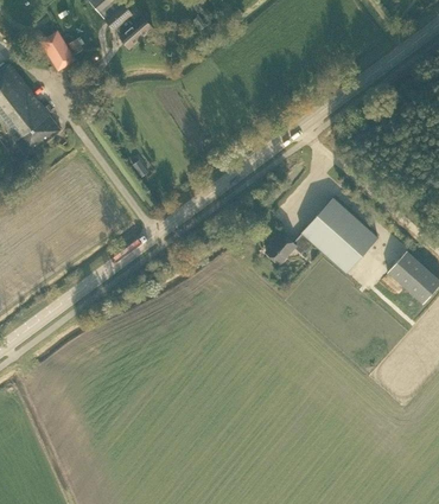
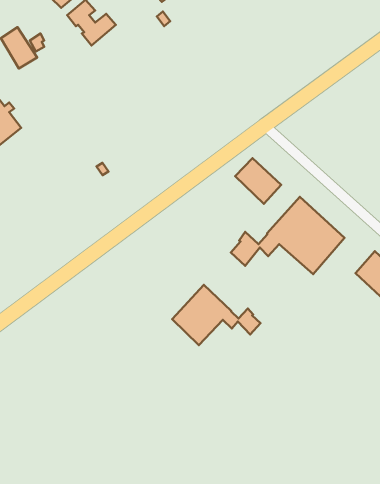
building: none -> [235,158,281,204]
building: none -> [172,285,260,345]

